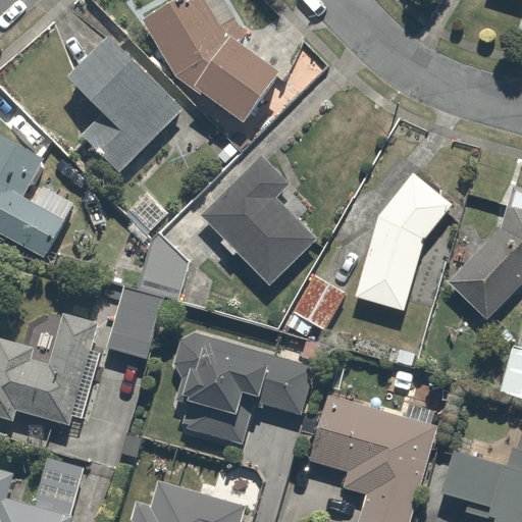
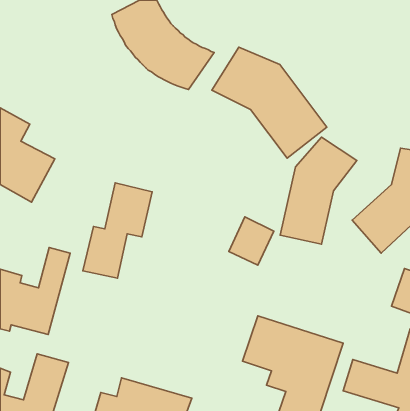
building: [66,36,184,174] -> none
building: none -> [212,47,327,158]
building: [200,158,312,282] -> none
building: [172,330,316,440] -> none

